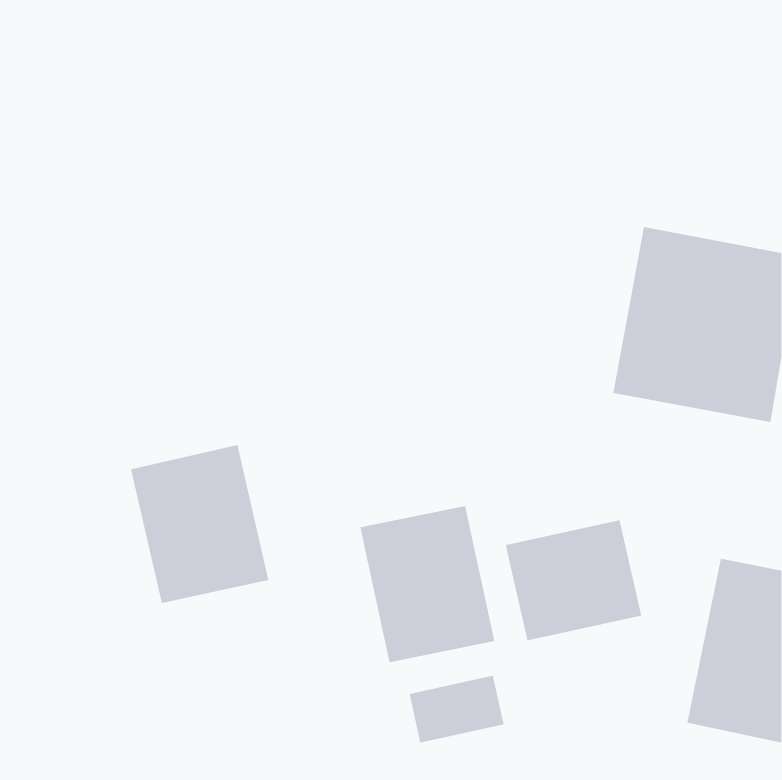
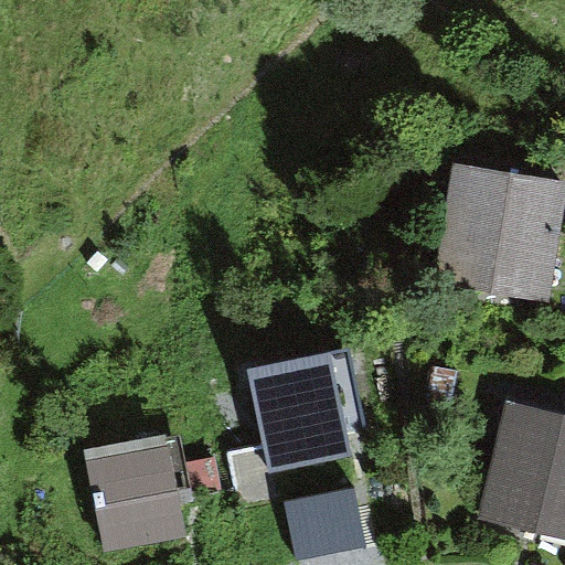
building: [130,445,269,603] -> [83,438,182,552]
building: [505,520,642,641] -> none

